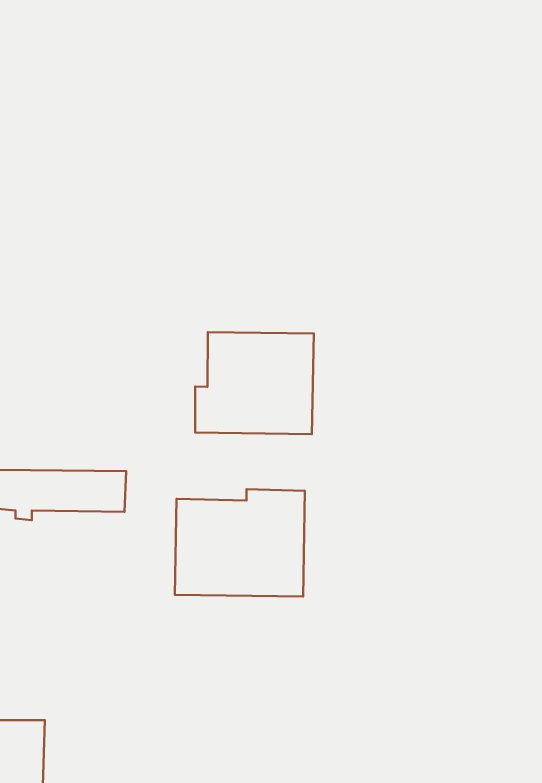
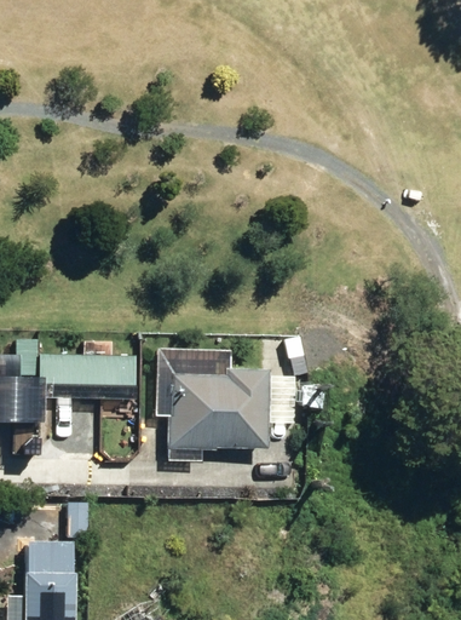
building: [195,332,314,434] -> none

